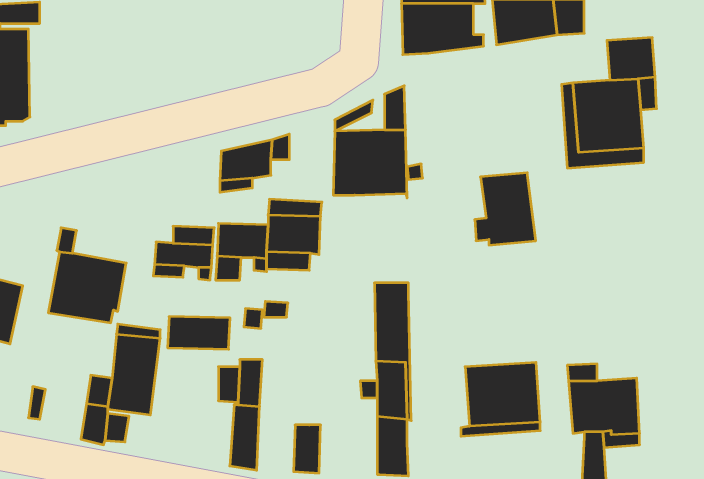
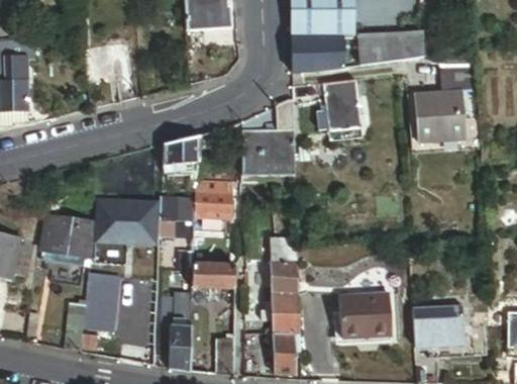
building: [475,173,536,245] -> [317,81,360,132]
building: [168,317,230,349] -> [193,263,237,286]

